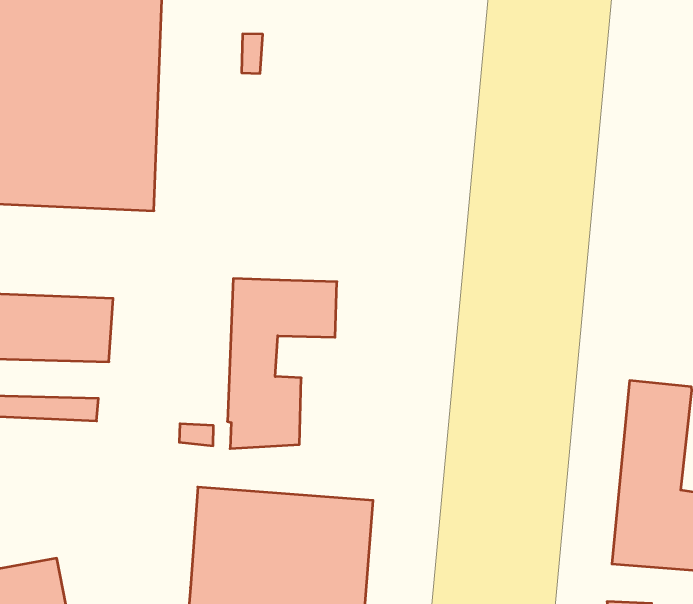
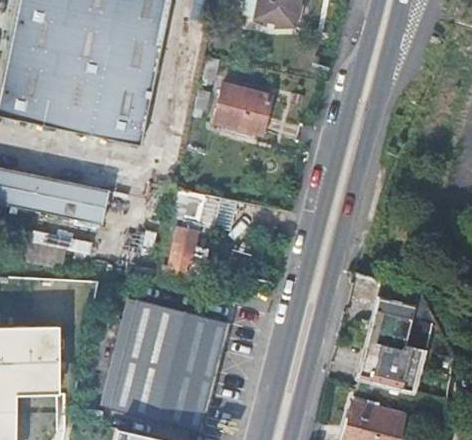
building: none -> [212,87,268,134]

